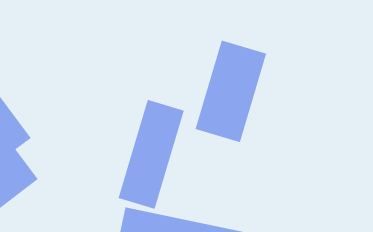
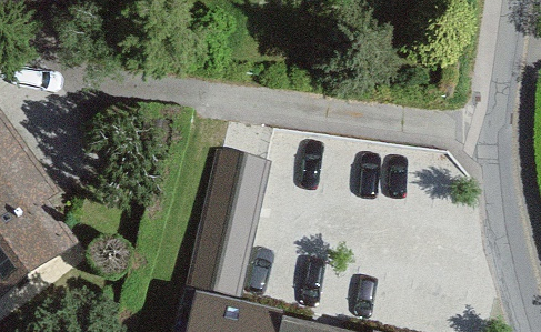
building: [195,39,267,143] -> none

